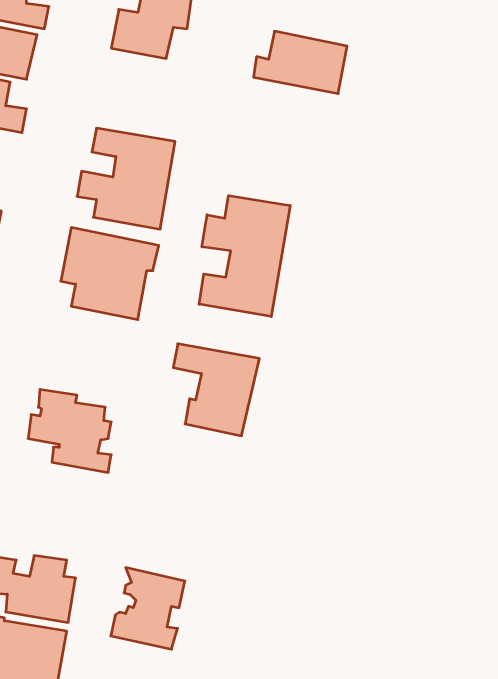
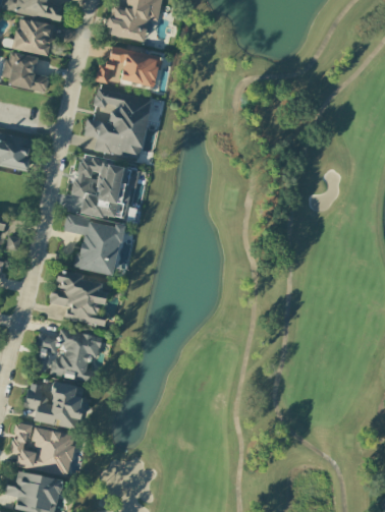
building: [254,31,347,94] -> [97,47,161,90]
building: [199,196,290,317] -> none
building: [173,344,259,436] -> [65,213,124,276]
building: [111,568,185,649] -> [50,328,101,384]

